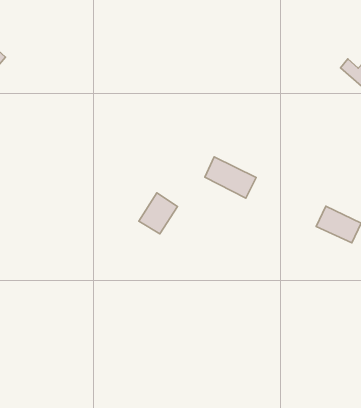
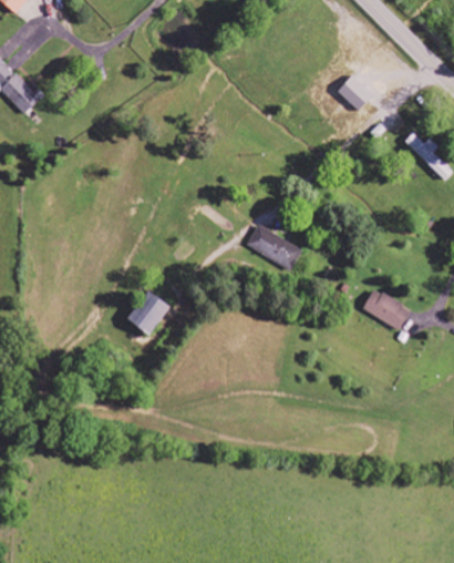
building: none -> [338,74,373,110]
building: [139,193,178,234] -> [127,289,171,334]

